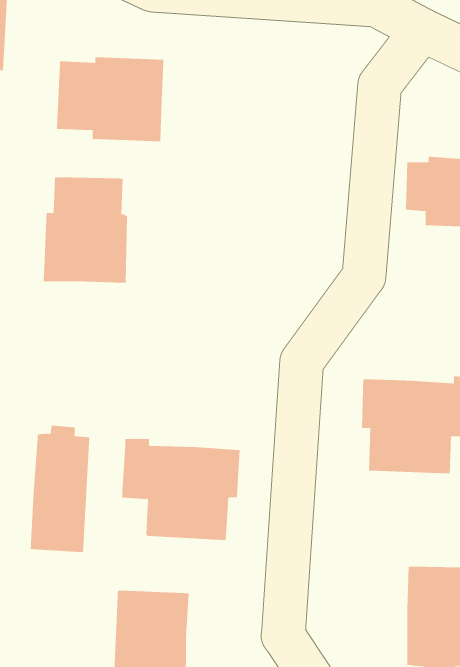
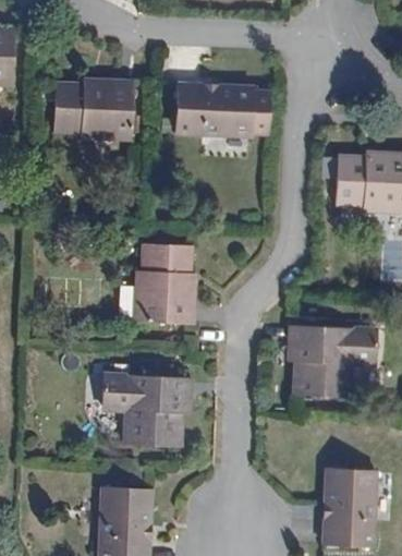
building: none -> [169,82,273,138]
building: [43,177,128,283] -> [133,243,198,325]
building: [30,425,90,553] -> none

